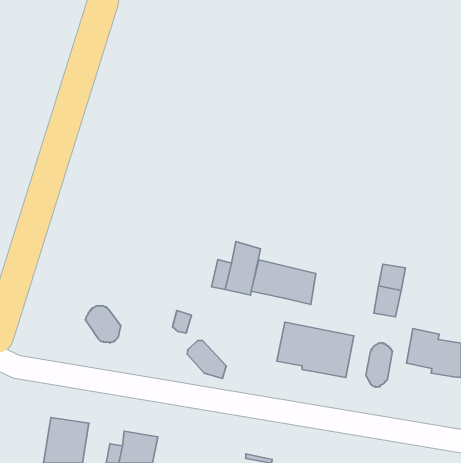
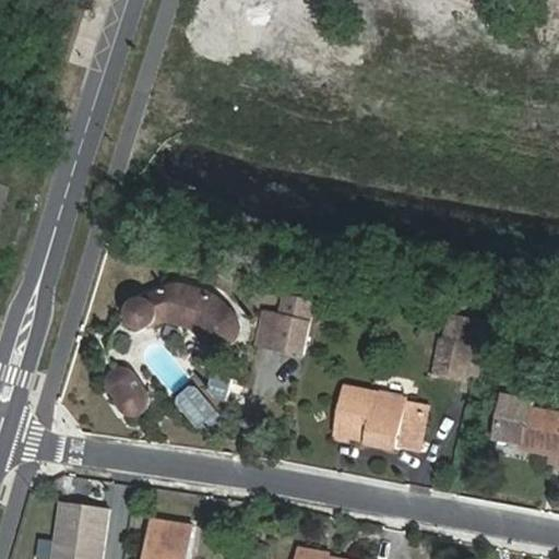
building: none -> [123,283,239,348]
building: [251,260,316,305] -> none
building: [187,340,226,379] -> [173,384,219,430]
building: [366,343,393,387] -> none

